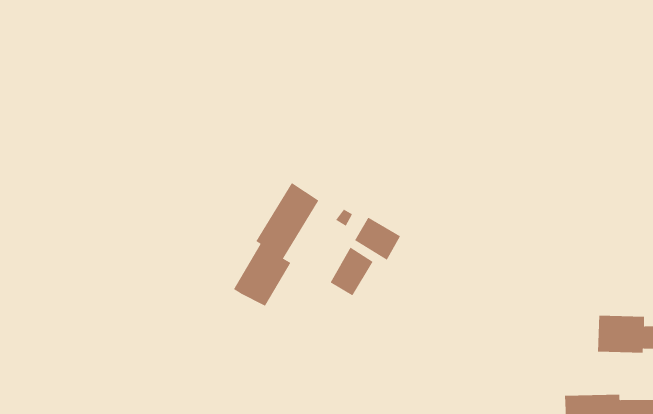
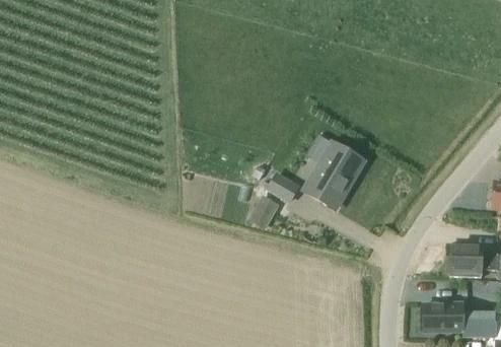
building: none -> [305,138,361,209]
building: [233,182,319,306] -> none

